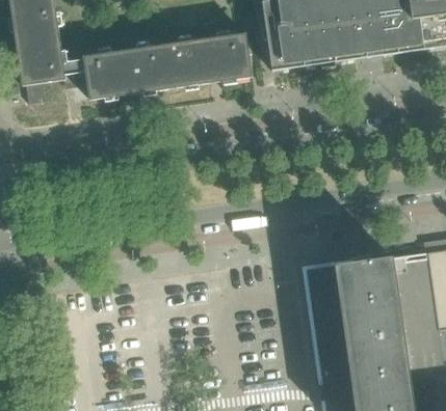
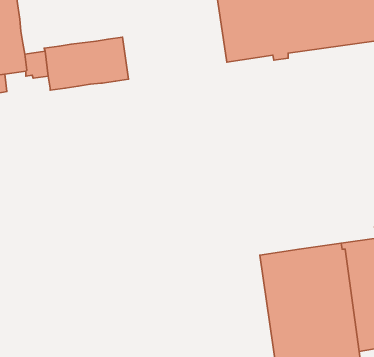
building: [165,32,253,87] -> none

